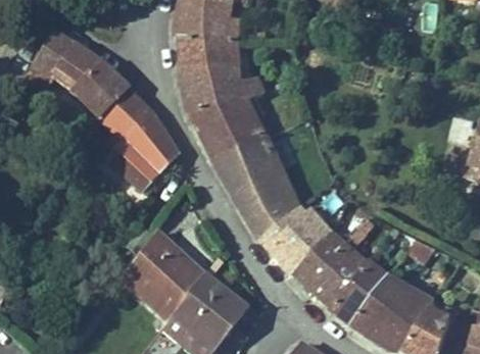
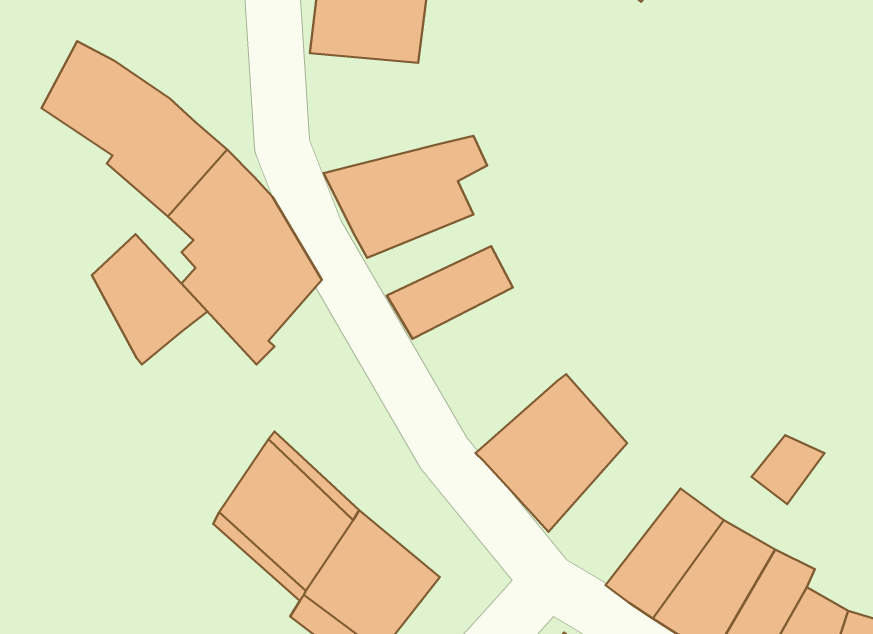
building: [174,35,241,97] -> none
building: [203,118,268,160] -> none
building: none -> [92,234,208,364]
building: [227,156,302,242] -> none
building: [297,237,366,310] -> none

